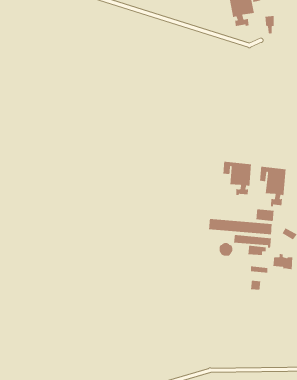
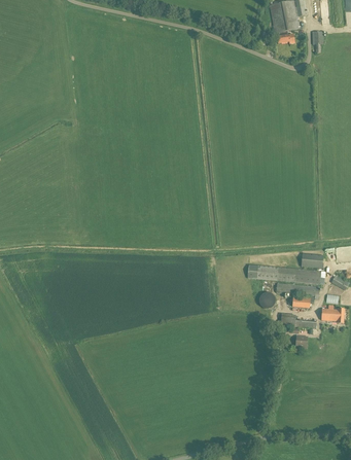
building: [223,161,252,196] -> none
building: [259,166,287,207] -> none

